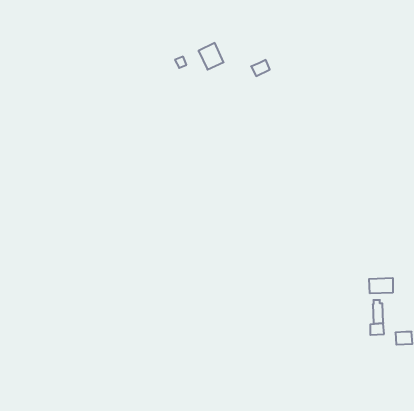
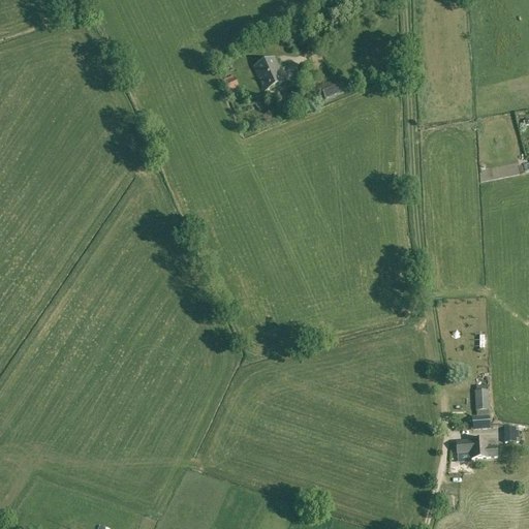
building: [369,278,393,293] -> none
building: none -> [456,437,497,458]

